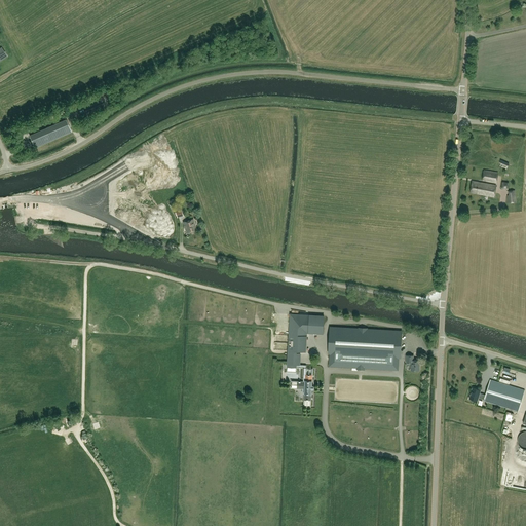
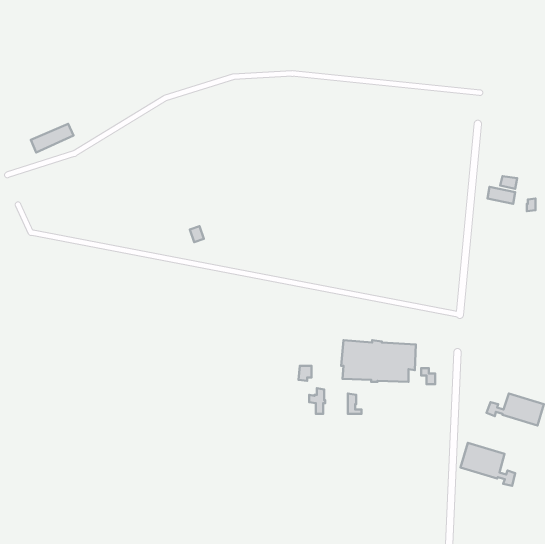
building: [289,313,324,350] -> none
building: none -> [461,443,515,486]

